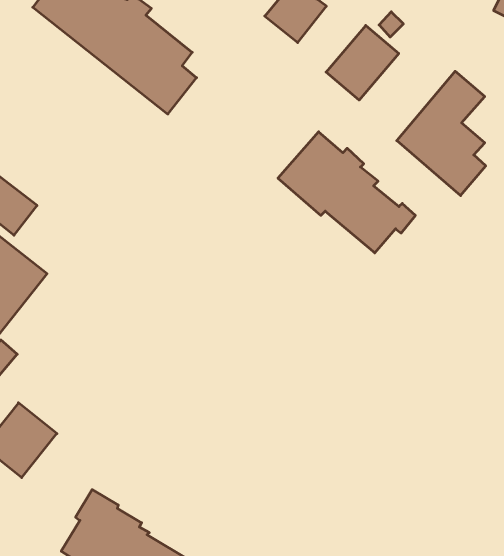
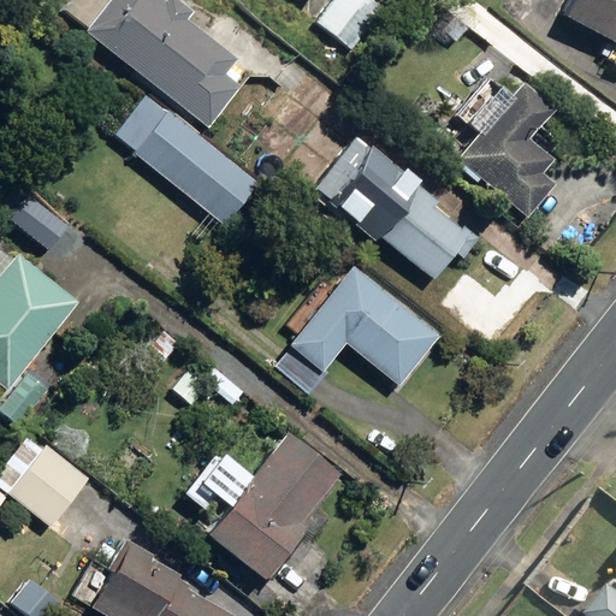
building: [326,25,399,100] -> none
building: none -> [116,96,253,221]
building: none -> [274,265,439,392]
building: none -> [207,431,338,575]

